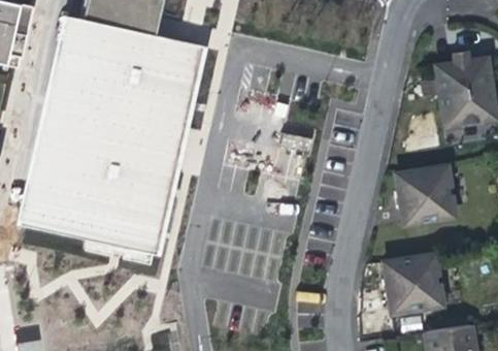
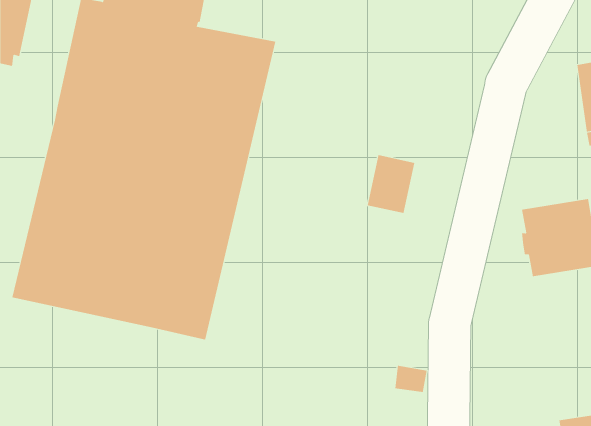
building: [381,251,442,311] -> none

